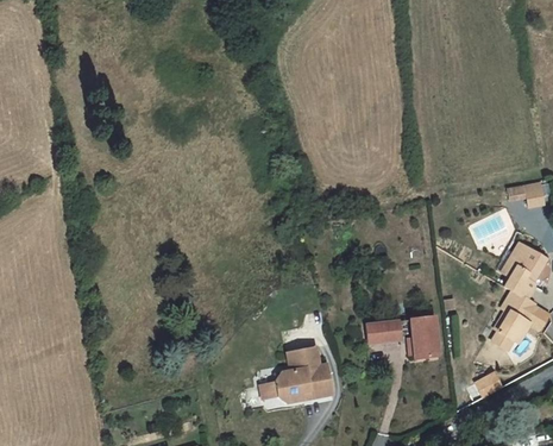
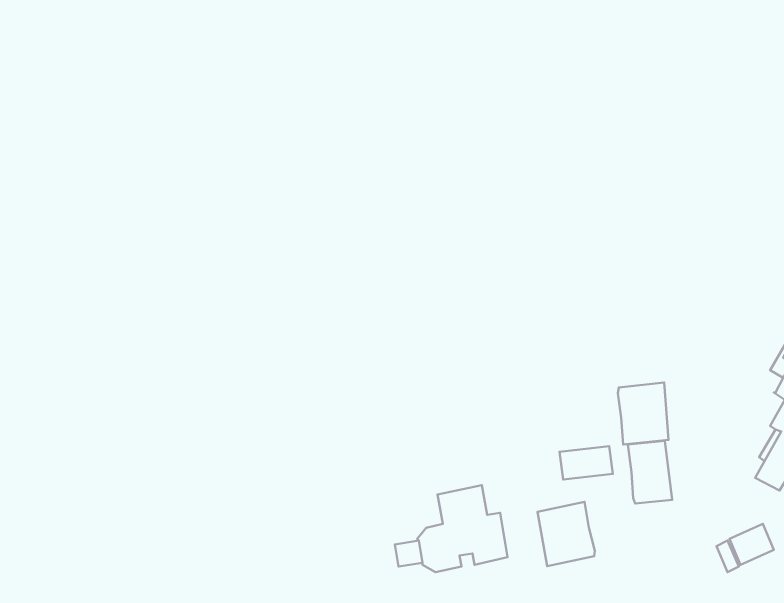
building: none -> [618,383,669,445]
building: none -> [538,502,595,566]

